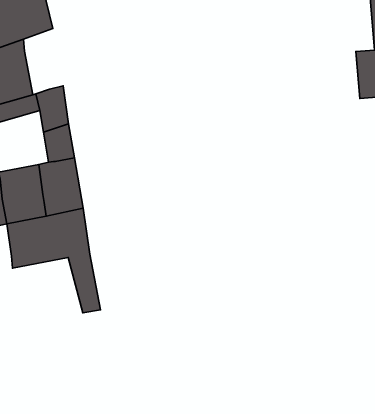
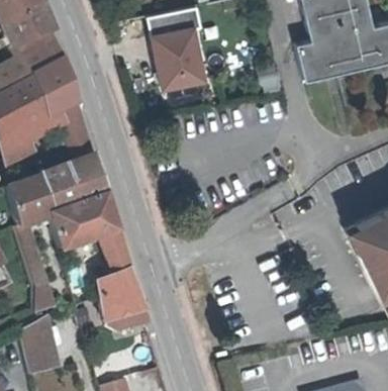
building: none -> [155,24,204,83]
building: none -> [43,60,79,112]
building: none -> [99,269,150,330]

